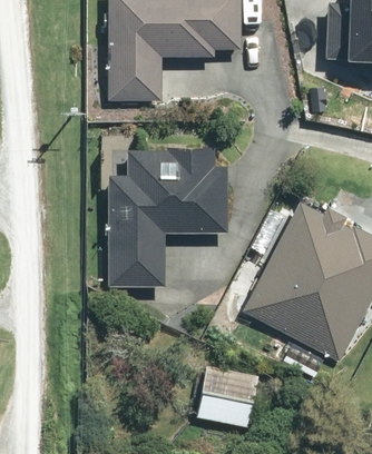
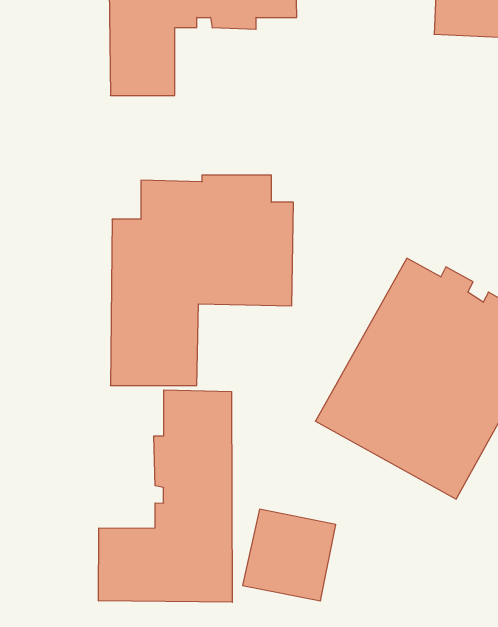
building: none -> [99,390,232,602]

